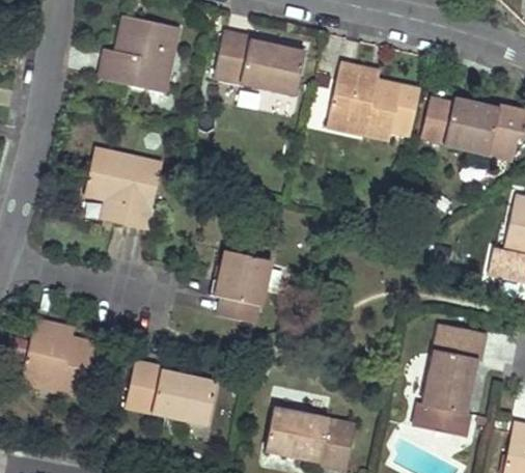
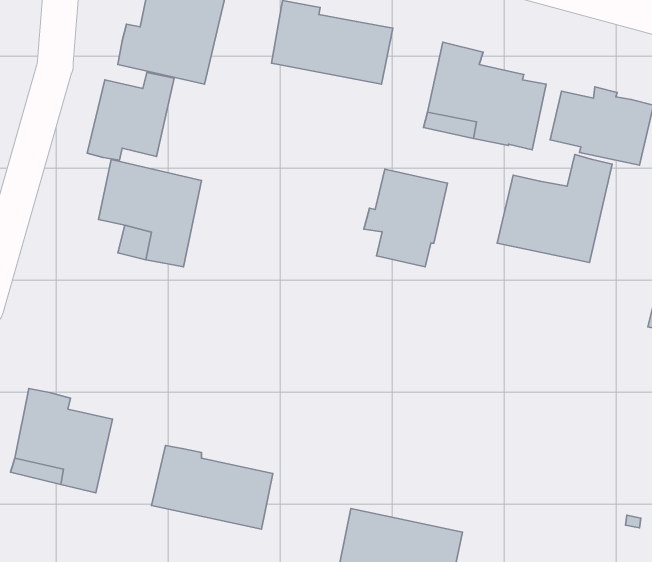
building: none -> [87,72,174,160]
building: none -> [497,154,612,263]
building: [211,250,273,323] -> [364,169,448,267]
building: [415,322,487,436] -> none

